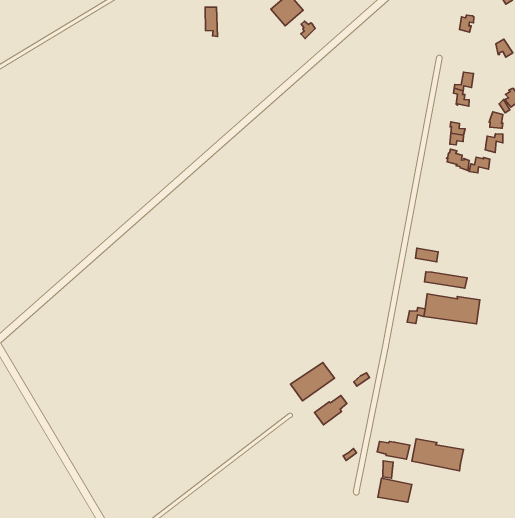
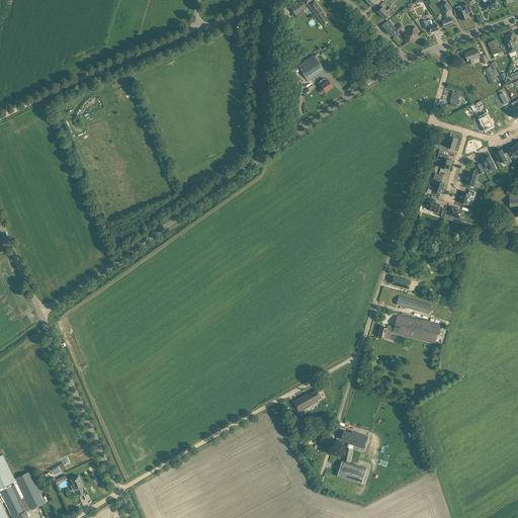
building: [290,363,334,401] -> none
building: [412,439,464,471] -> none

